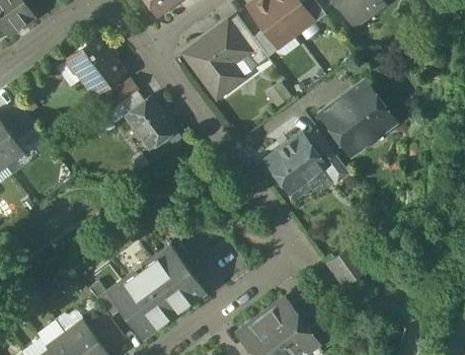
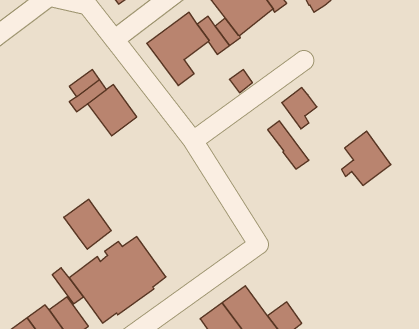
building: [67,38,123,94] -> none
building: [343,89,393,144] -> [342,131,391,185]
building: [265,134,322,193] -> none
building: none -> [64,199,111,249]
building: [332,248,365,285] -> none

